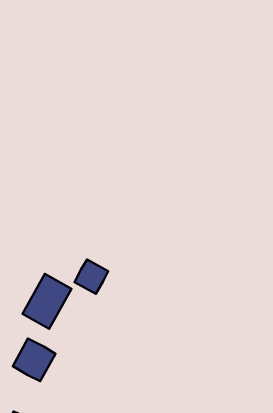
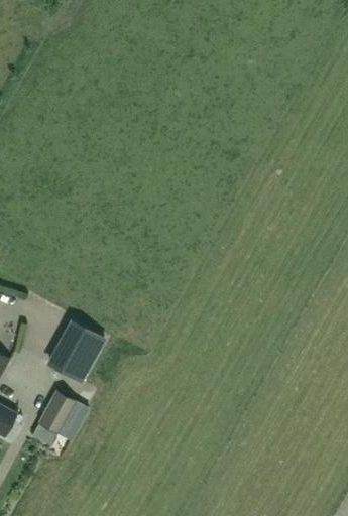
building: [74,259,108,294] -> none

